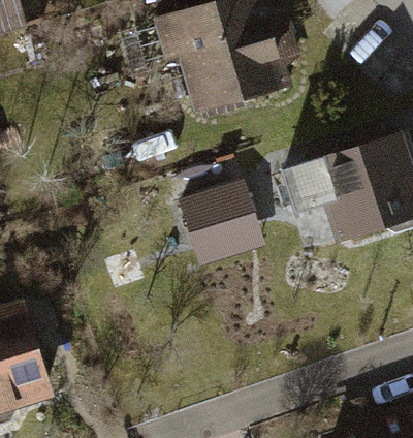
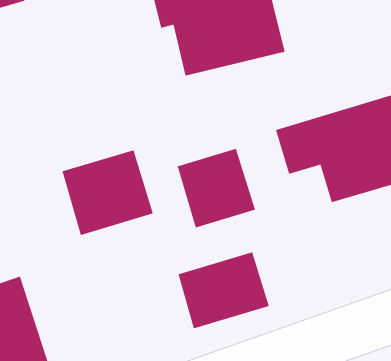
building: none -> [62,149,154,236]
building: none -> [178,252,269,329]

